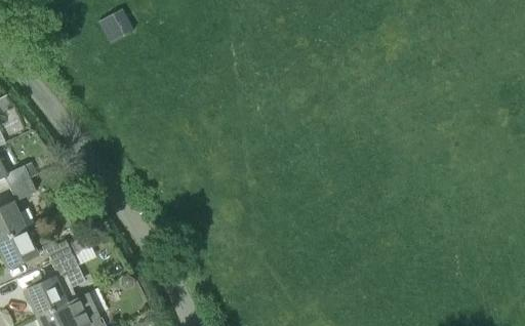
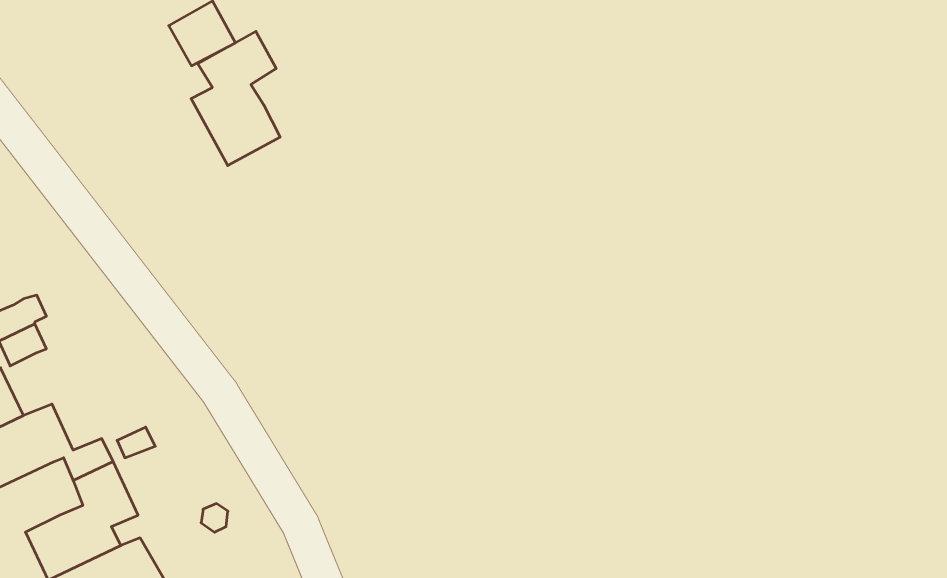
building: none -> [191,31,280,166]

